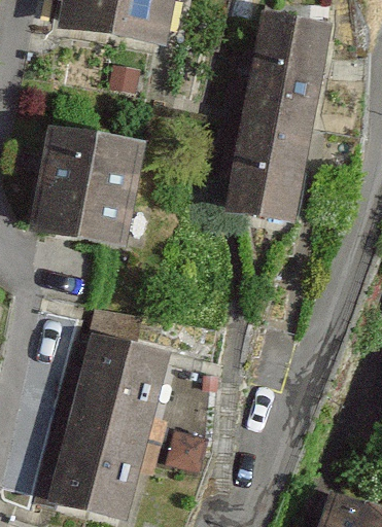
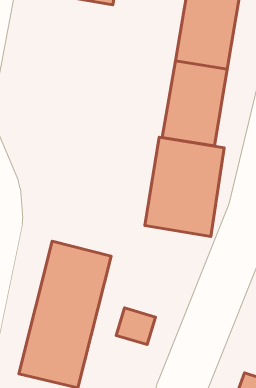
building: [40,129,143,245] -> none
building: none -> [145,137,224,237]

